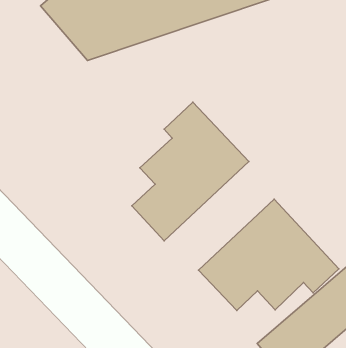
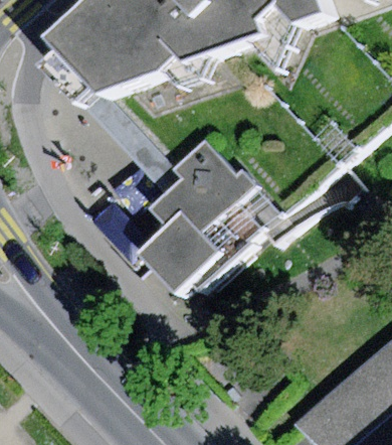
building: [198,199,339,311] -> none

